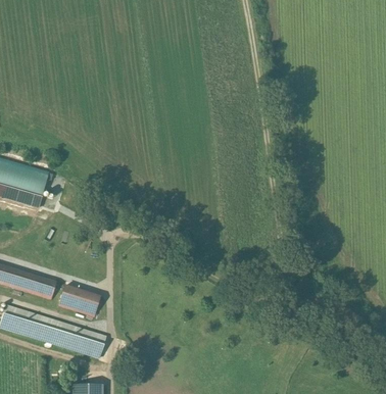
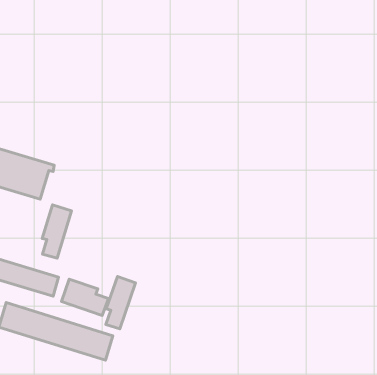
building: none -> [42,205,71,258]
building: none -> [106,276,136,329]

